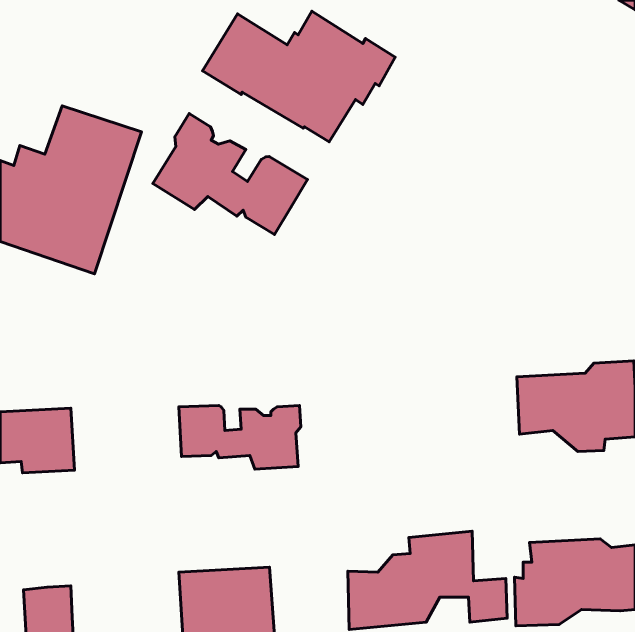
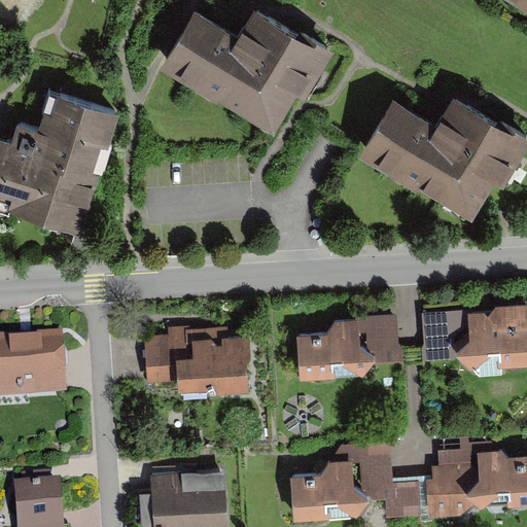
building: none -> [352,93,518,215]
building: [153,113,308,235] -> none
building: none -> [294,314,401,385]

